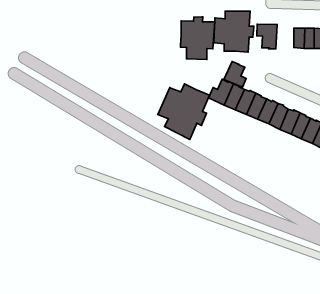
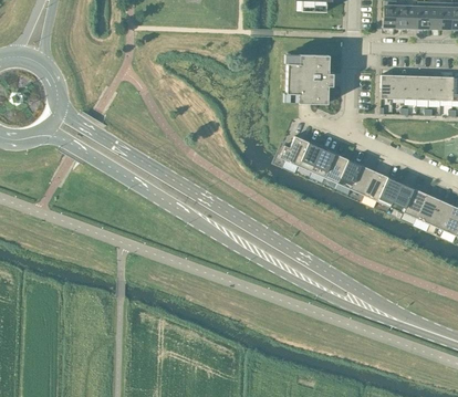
building: [180,17,215,59] -> none
building: [257,24,277,49] -> none
building: [224,61,246,87] -> none
building: [158,84,209,139] -> none

